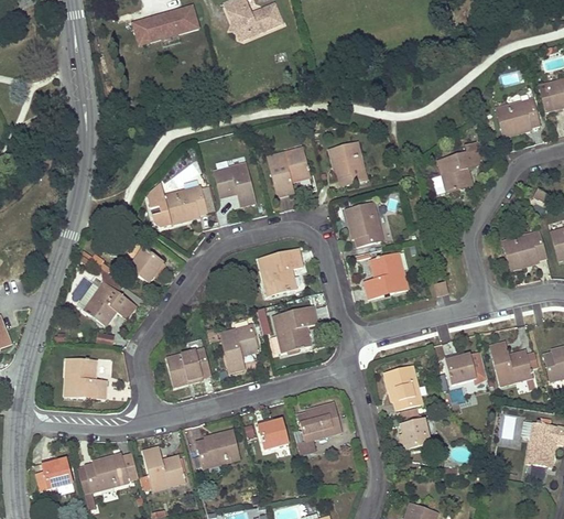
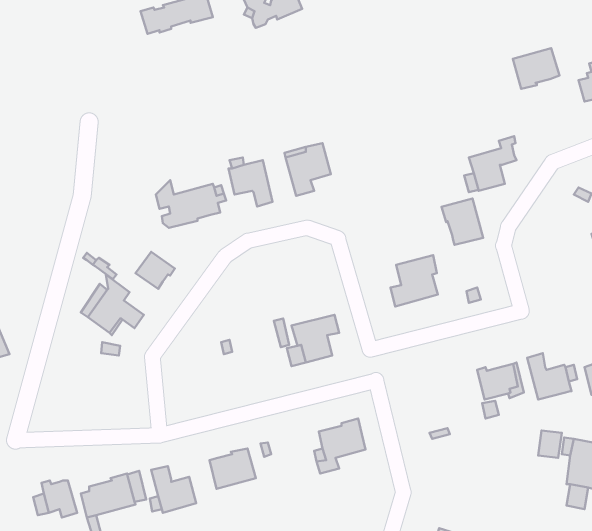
building: [496,98,539,136] -> [513,48,559,89]
building: [328,142,366,185] -> none
building: [345,203,383,246] -> [441,198,483,245]
building: [501,230,545,270] -> none
building: [258,249,302,293] -> none
building: [218,324,257,371] -> none
building: [166,348,209,387] -> none
building: [64,359,106,398] -> none
building: [383,366,422,409] -> none
building: [257,419,288,450] -> none
building: [400,419,431,450] -> none

